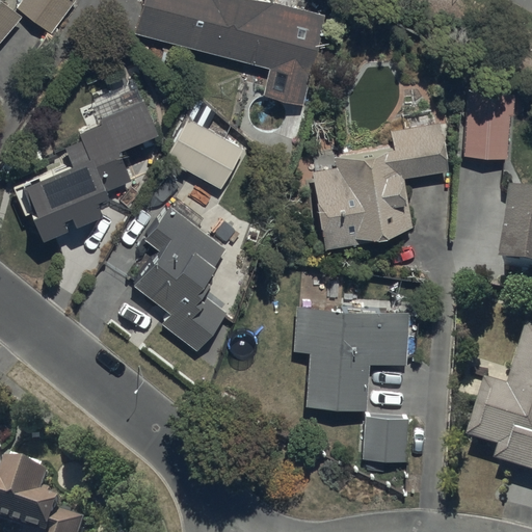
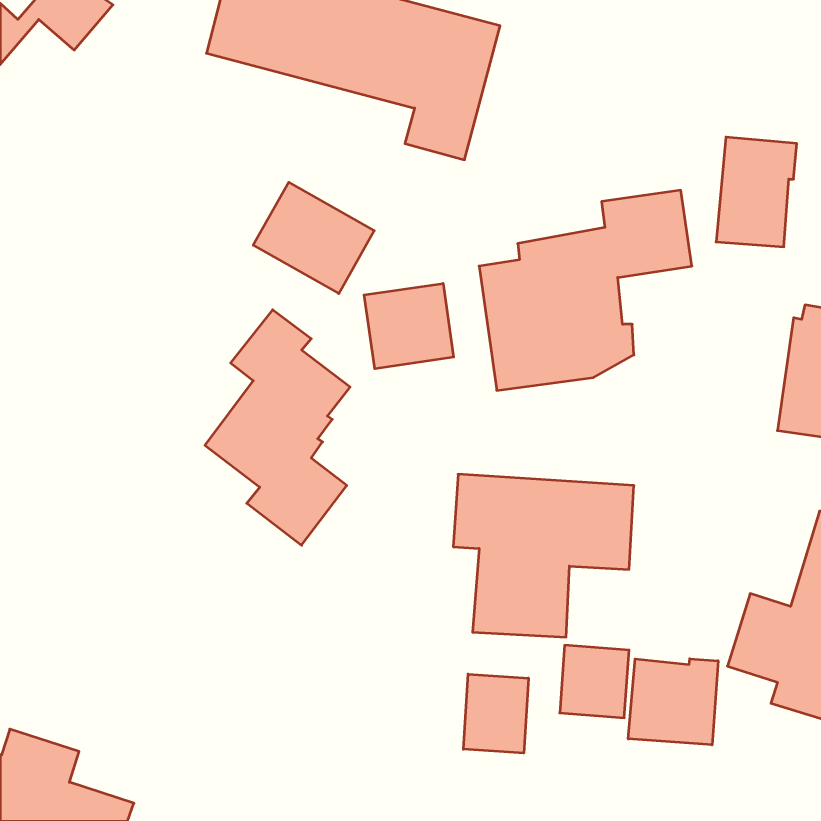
building: [21,82,155,250] -> none
building: none -> [364,283,454,369]
building: none -> [628,659,718,745]
building: none -> [463,674,528,753]

